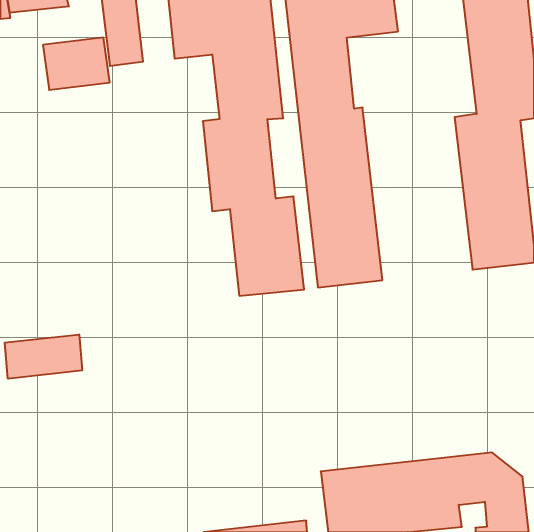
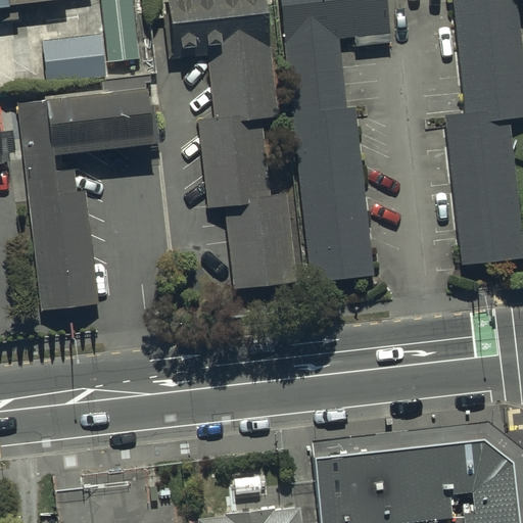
building: none -> [17,87,152,310]
building: [5,334,82,379] -> none

